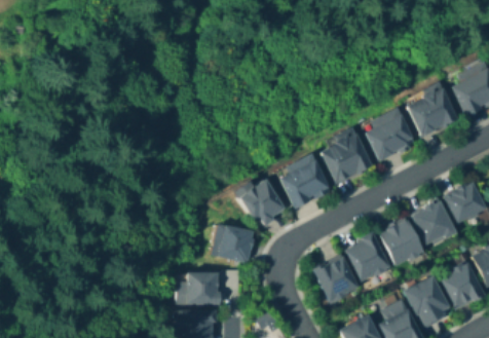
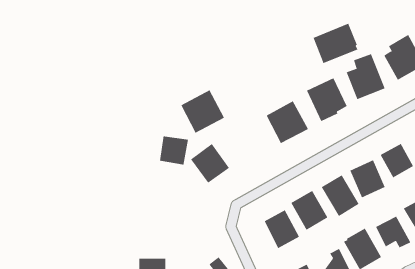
building: none -> [313,23,358,64]
building: [276,159,326,209] -> [180,89,225,134]
building: [217,229,250,262] -> [159,136,189,165]
building: [179,275,219,305] -> none

